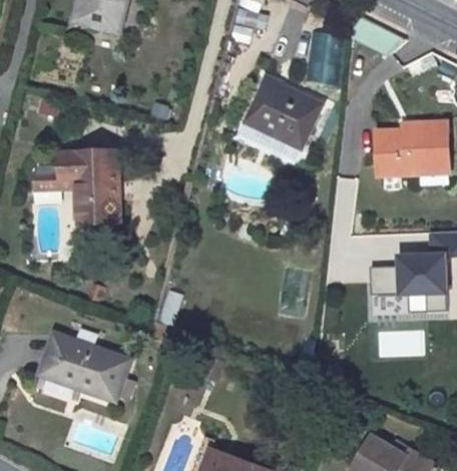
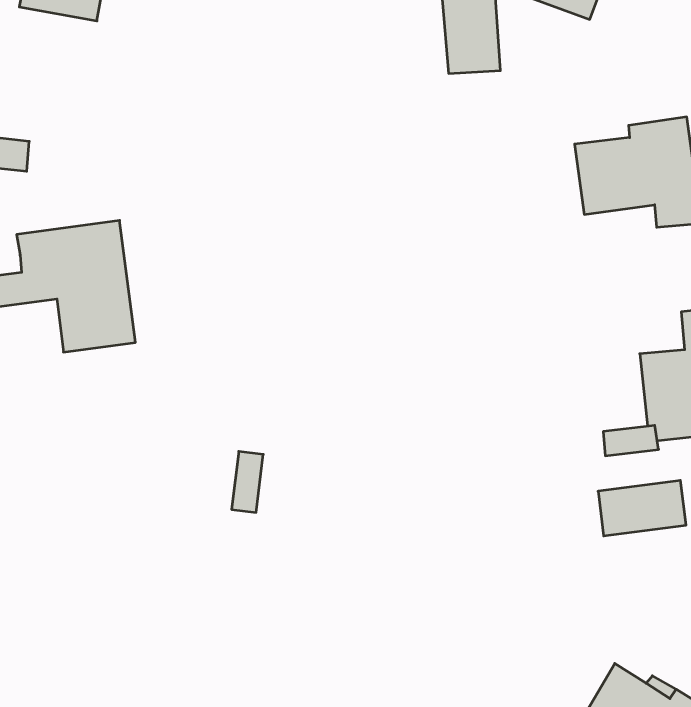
building: [245,76,323,151] -> none
building: [370,266,406,295] -> none
building: [37,333,128,401] -> none

